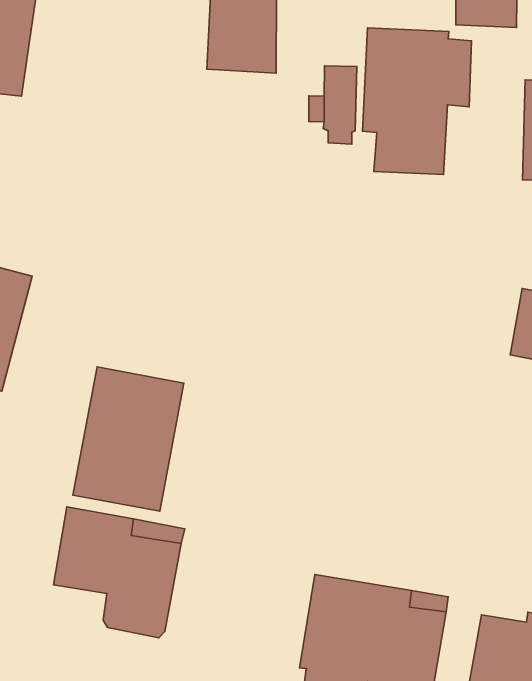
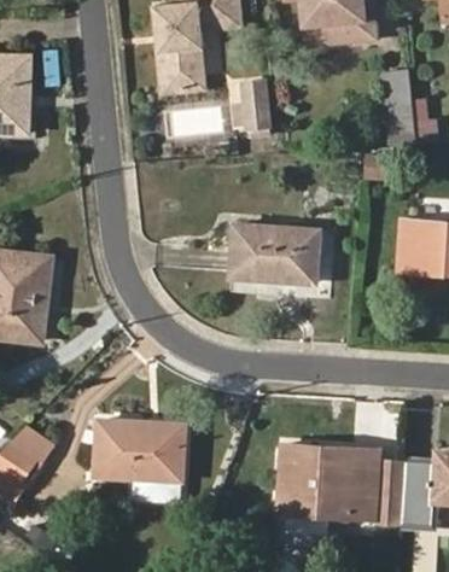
building: [363,28,471,174] -> none
building: none -> [235,224,319,282]
building: [73,367,184,511] -> none

